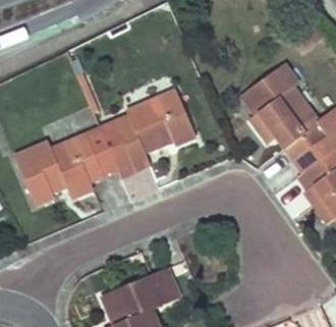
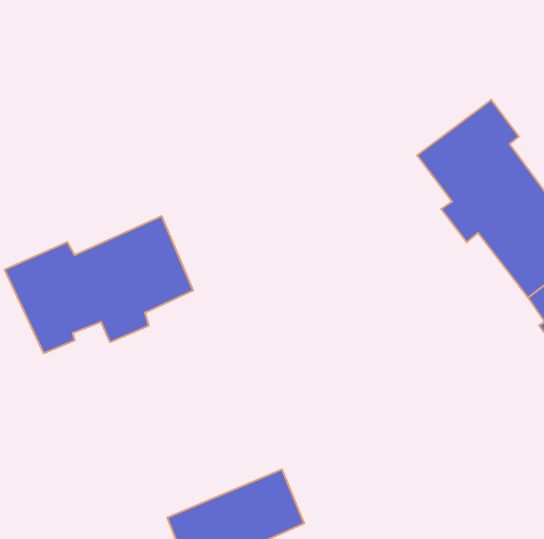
building: [100,92,195,177] -> none

